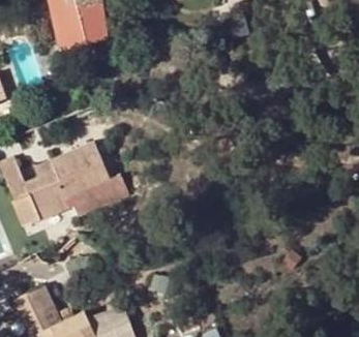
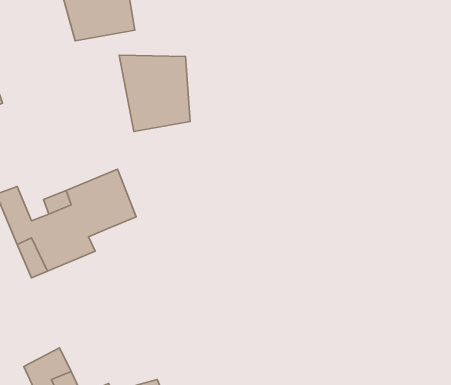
building: none -> [119,55,190,131]
building: [85,179,129,214] -> none

